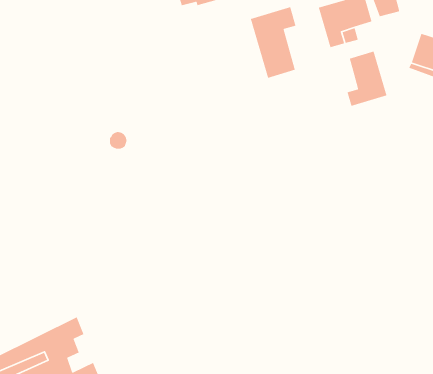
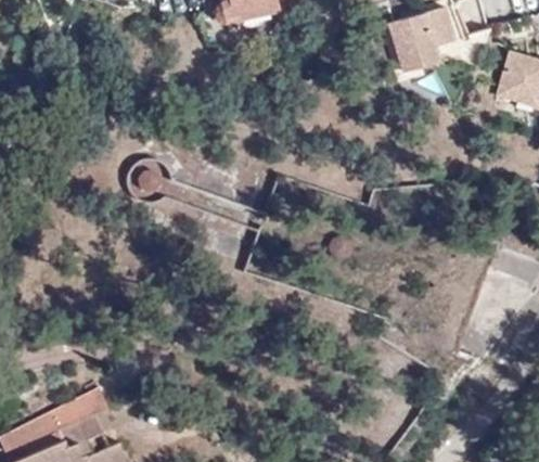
building: [250,6,297,79] -> none
building: [346,51,388,107] -> none

